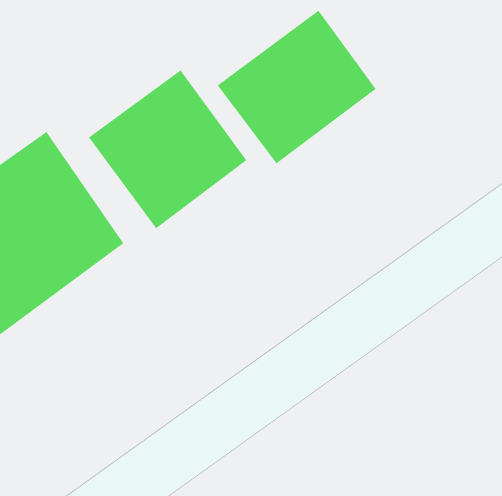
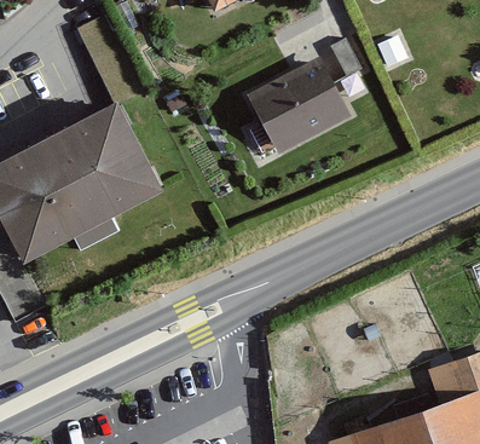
building: [88,69,247,229] -> none

